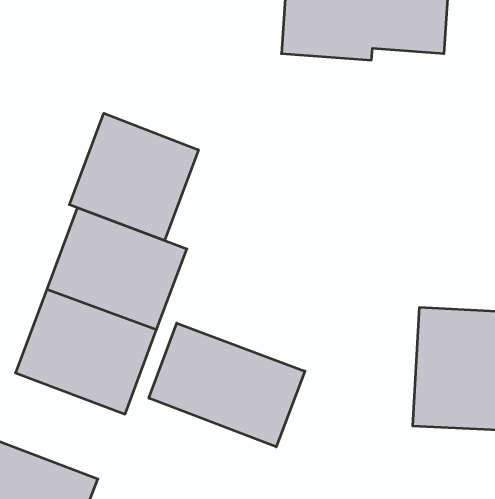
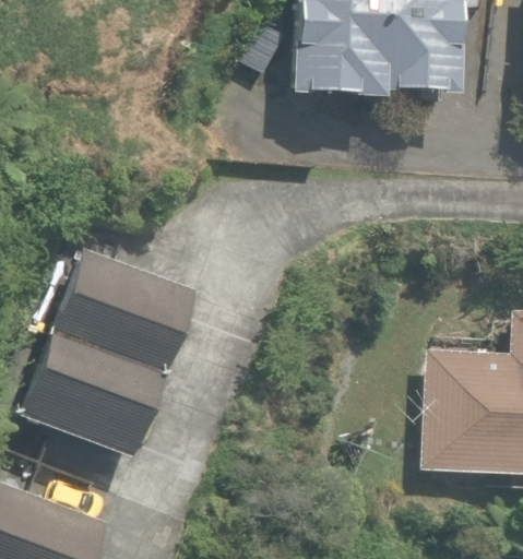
building: [69,113,198,240] -> none
building: [149,323,305,447] -> none

